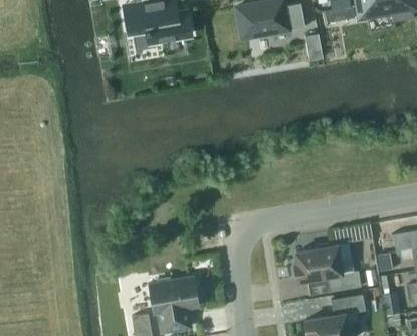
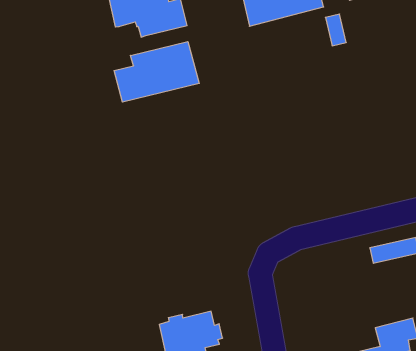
building: none -> [114,42,199,102]
building: [293,243,360,293] -> none

